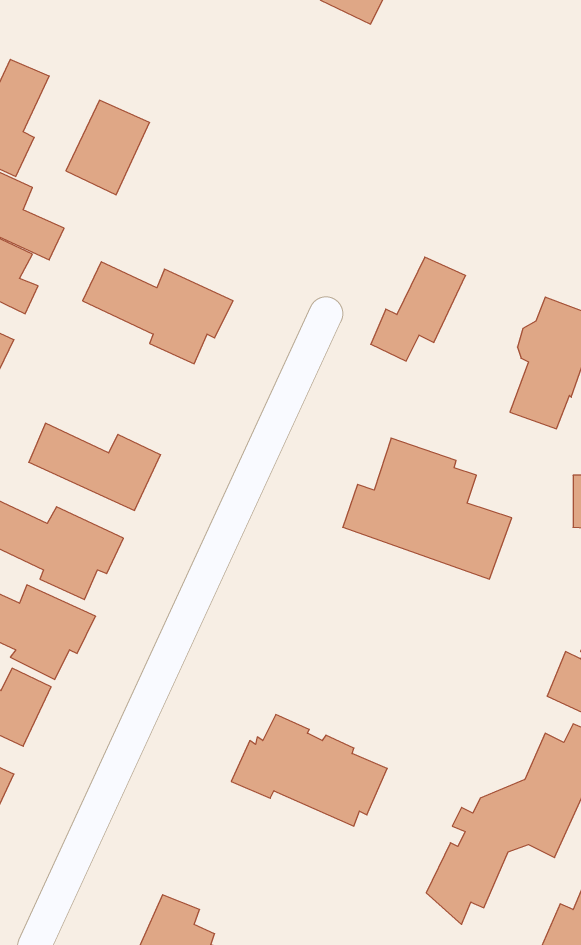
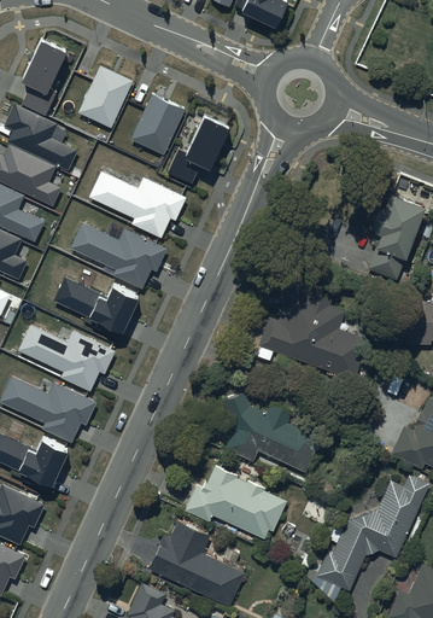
building: none -> [130,93,185,156]
building: [371,257,466,361] -> [169,115,230,182]
building: none -> [71,223,168,288]
building: none -> [224,392,328,472]
building: none -> [147,520,245,606]

